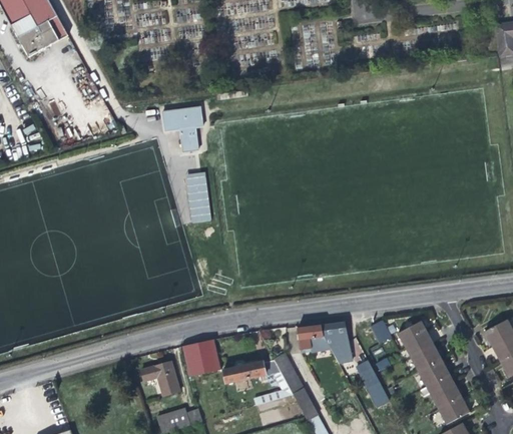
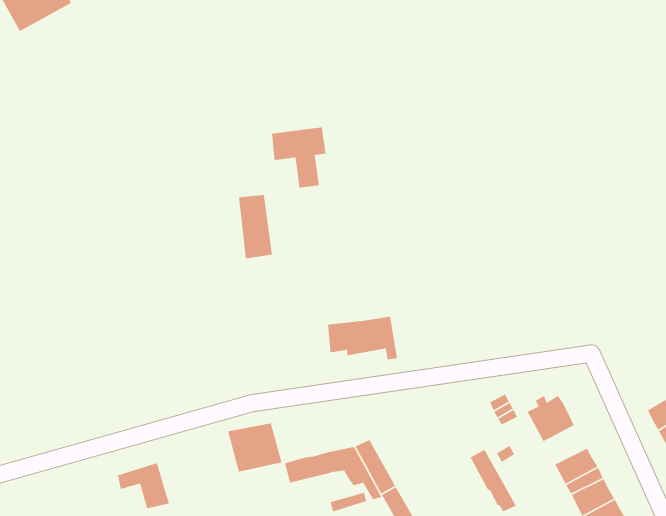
building: [165,106,205,151] -> [271,126,327,189]
building: [298,322,349,354] -> [327,316,398,360]
building: [409,343,441,371] -> none
building: [141,363,179,397] -> [117,462,170,509]

